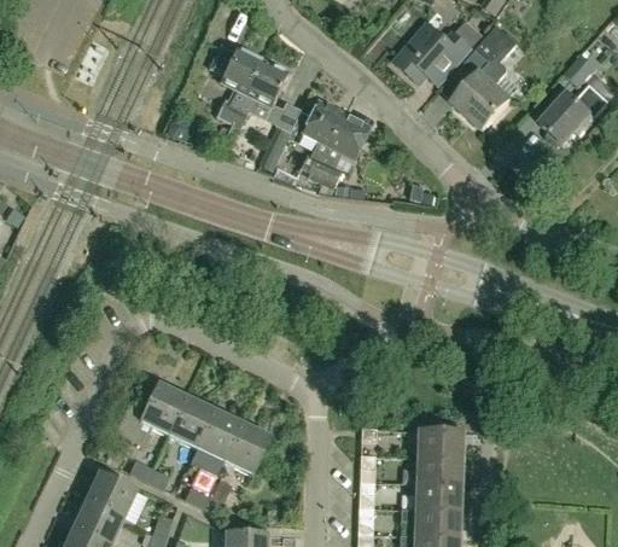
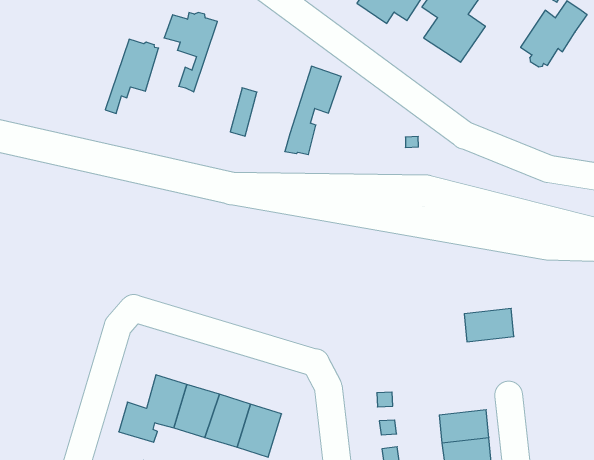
building: [231,59,288,127] -> [105,39,159,113]
building: [302,100,344,174] -> none
building: [418,430,464,458] -> [464,308,514,342]

